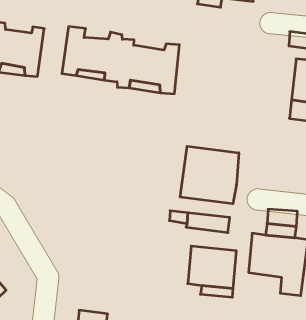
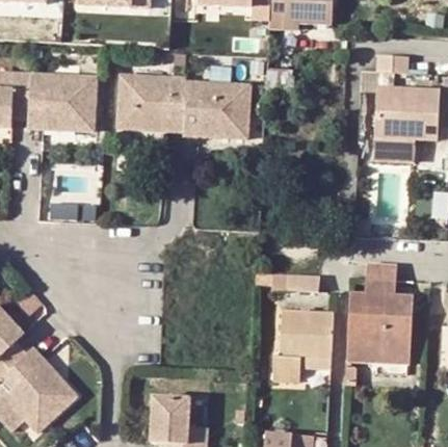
building: [180,146,239,204] -> none
building: none -> [346,339,387,384]

